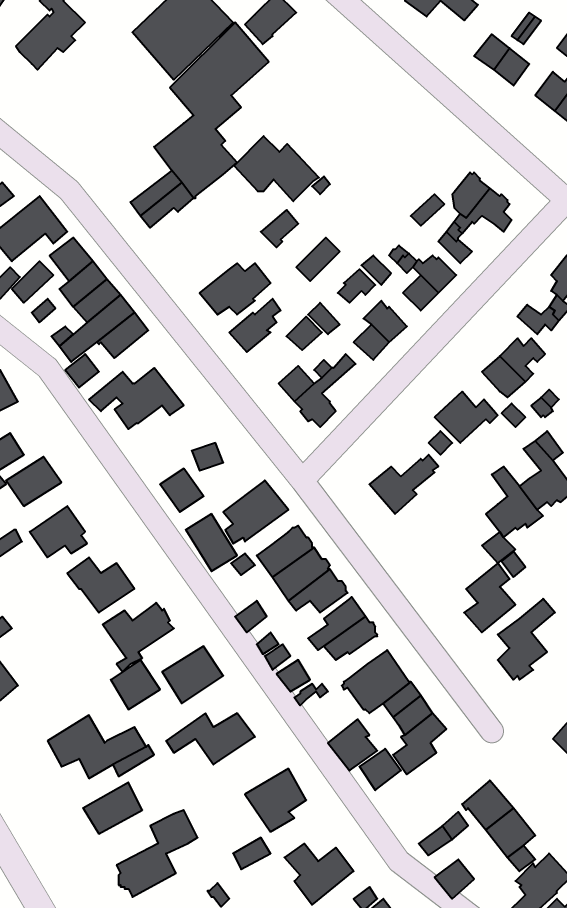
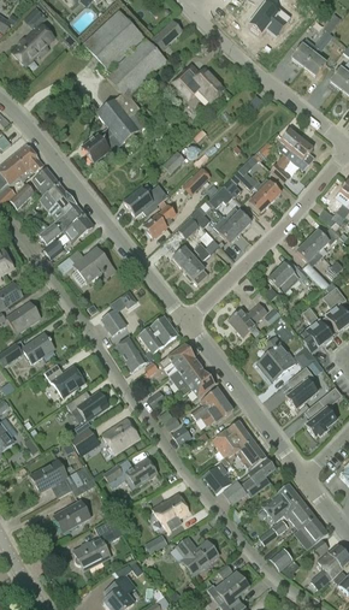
building: [234,136,319,201] -> [173,64,225,103]
building: none -> [258,336,296,380]
building: none -> [261,484,301,522]

